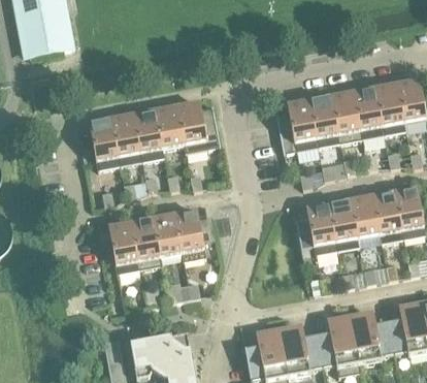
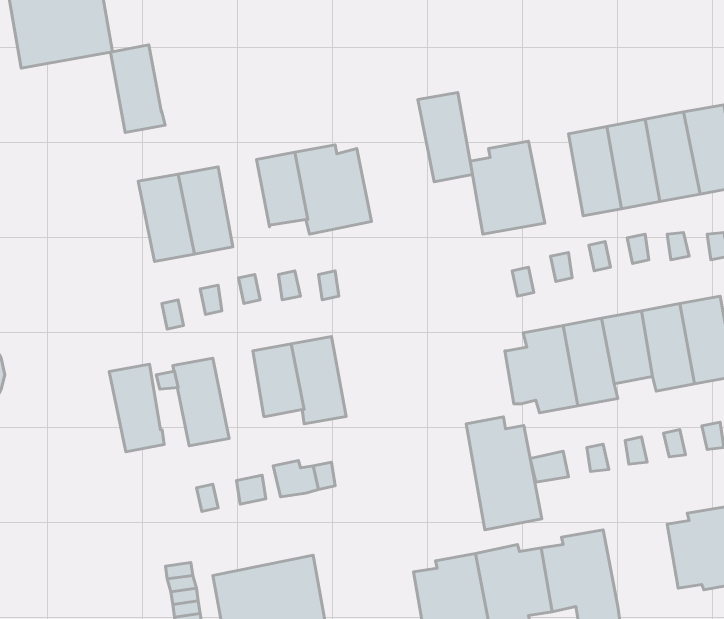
building: [309,95,340,146] -> [418,92,472,182]
building: [134,109,165,159] -> [110,45,165,132]
building: [131,218,162,267] -> [109,364,164,452]
building: none -> [466,417,542,530]
building: [352,315,394,362] -> none

